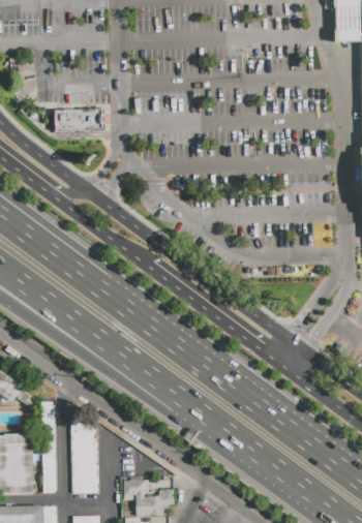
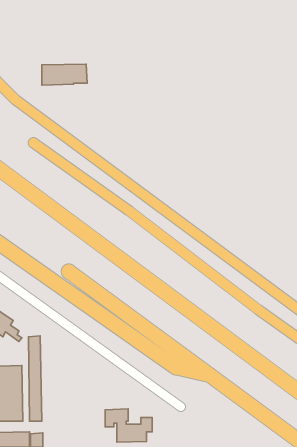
building: [72,422,98,495] -> none

